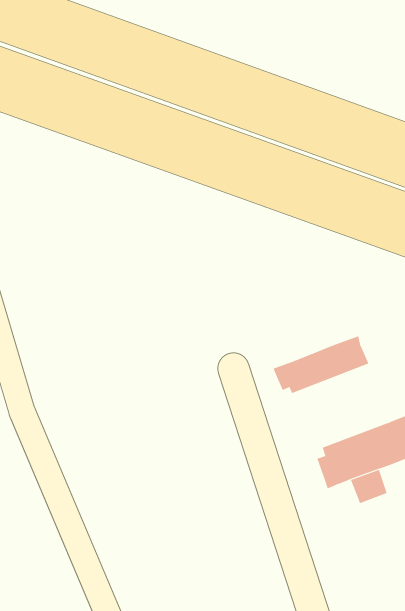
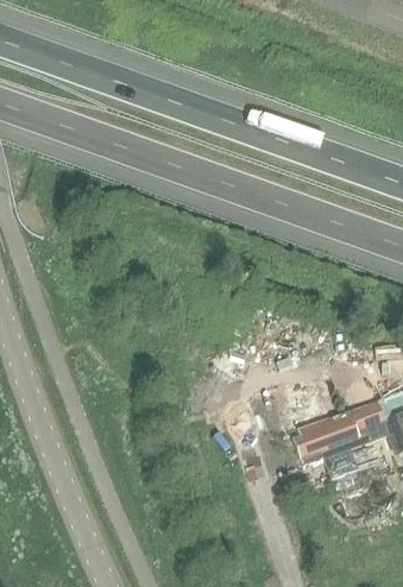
building: [273,336,369,394] -> none

